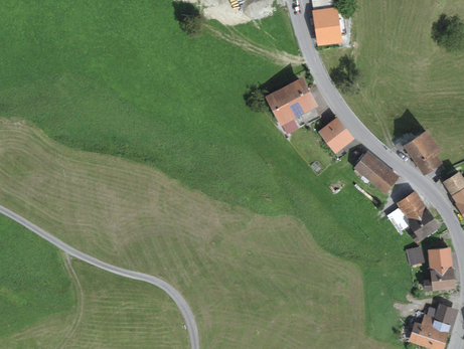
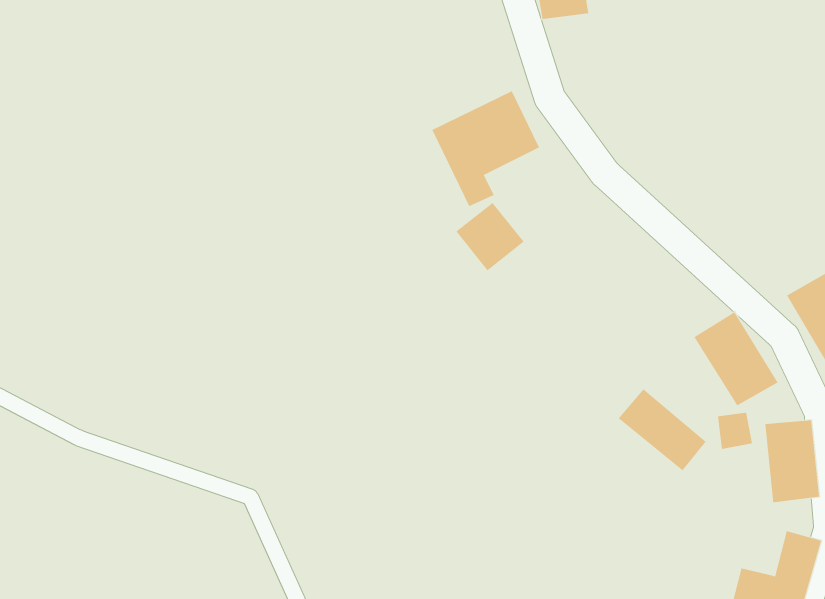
building: [317,119,352,154] -> [455,202,524,271]
building: [404,129,443,175] -> none
building: [356,151,402,193] -> [618,388,706,471]

